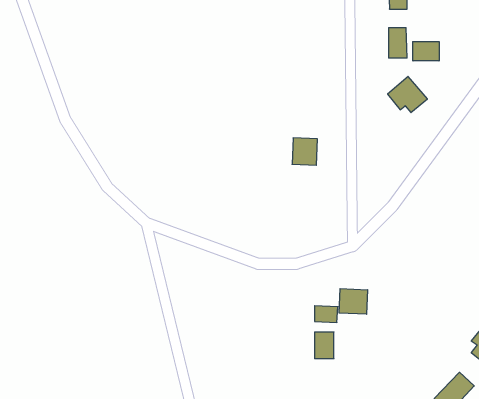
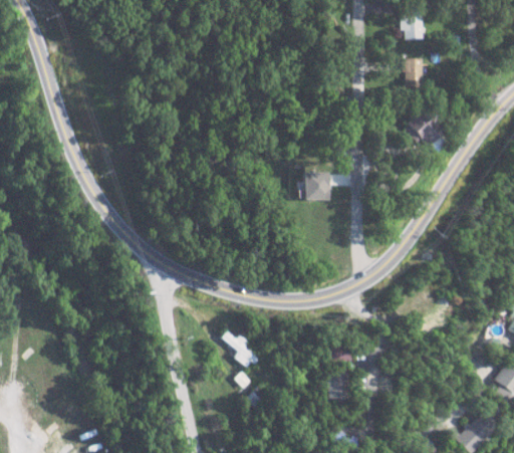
building: [413,42,439,61] -> none
building: [339,289,368,314] -> none
building: none -> [222,331,262,368]

